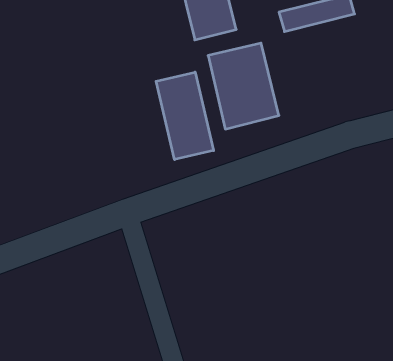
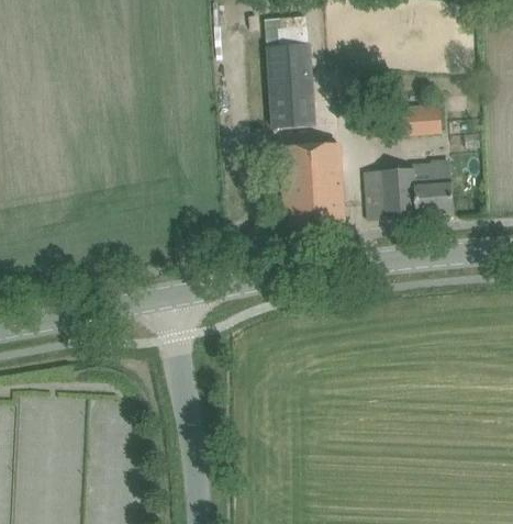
building: none -> [366,161,455,219]
building: [156,72,214,160] -> none

